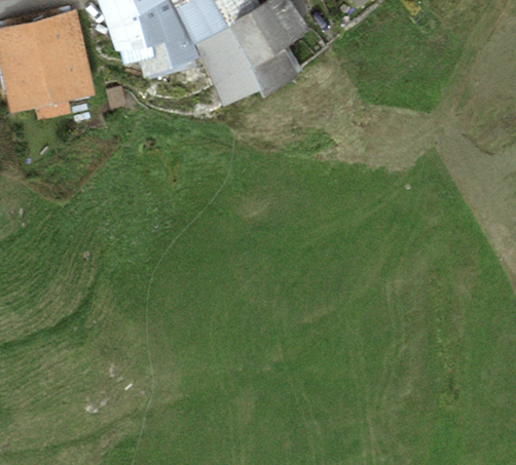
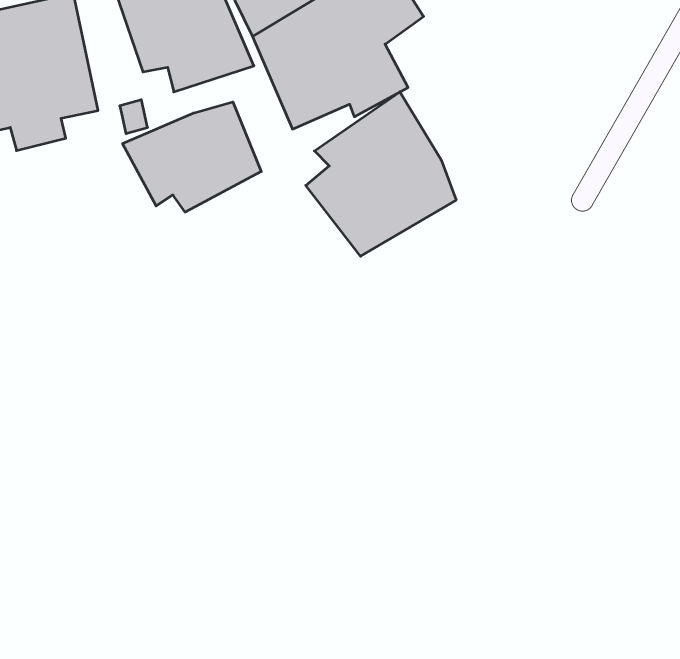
building: none -> [306,92,456,256]
building: none -> [123,102,261,212]

